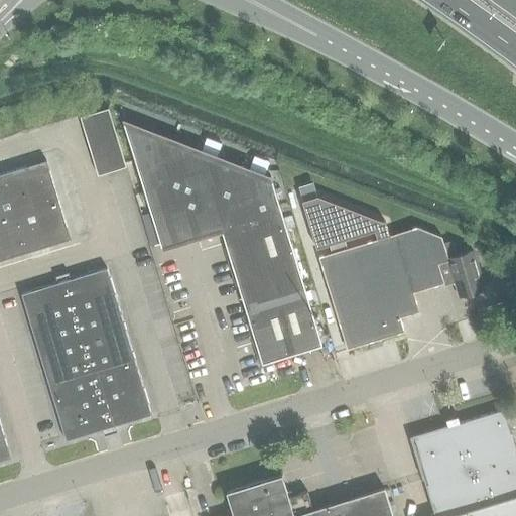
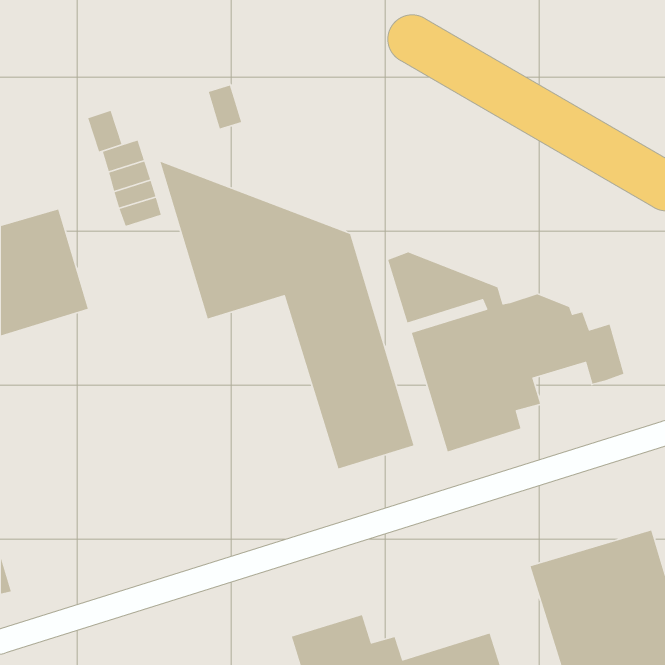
building: none -> [208,85,242,129]
building: none -> [87,110,122,152]
building: [21,269,150,441] -> none

